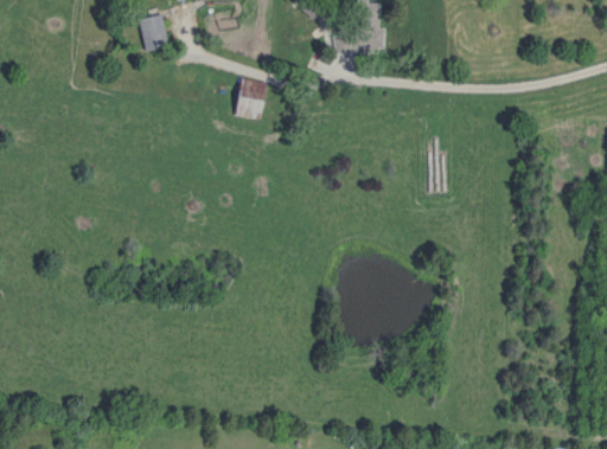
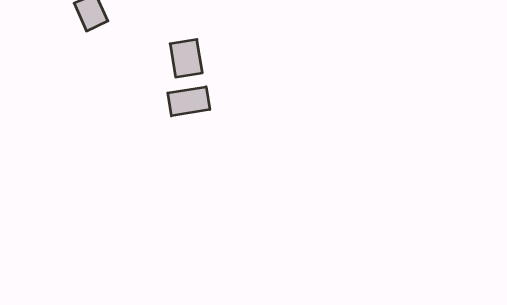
building: none -> [168,87,210,116]

